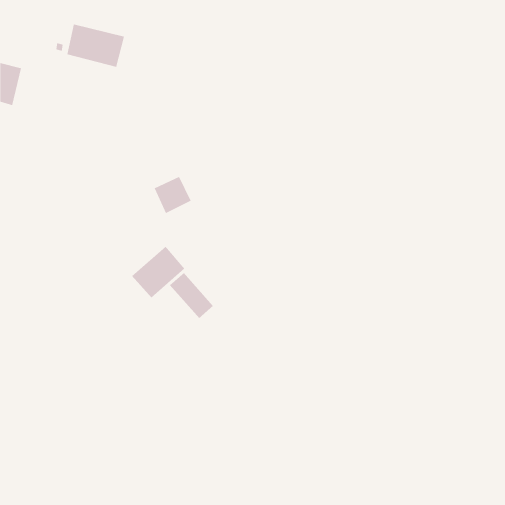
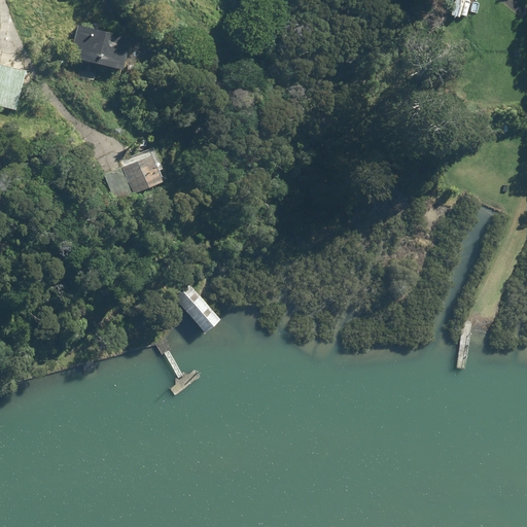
building: [154,176,191,214] -> [121,155,161,195]
building: [131,246,185,299] -> none

